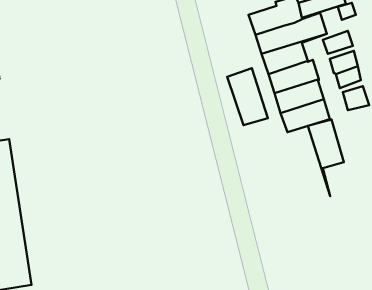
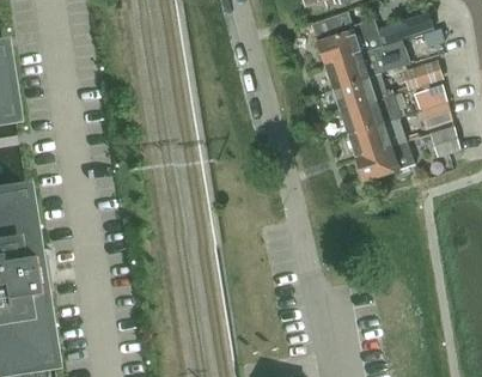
building: [227,68,268,125] -> none
building: [308,119,344,196] -> none

